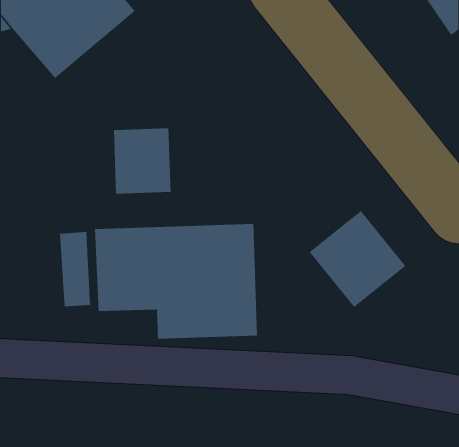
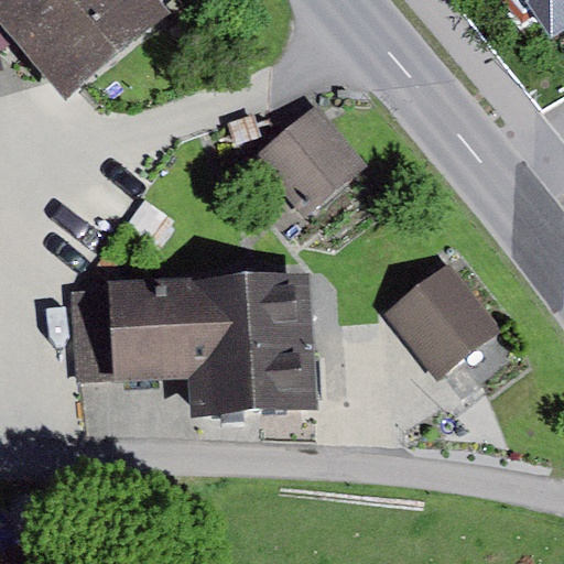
building: none -> [250,101,368,216]
building: [113,128,171,194] -> none

